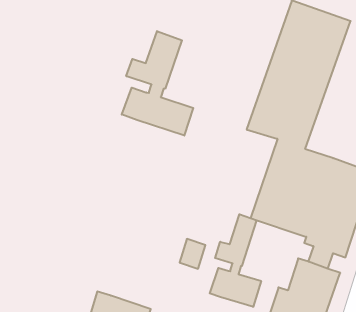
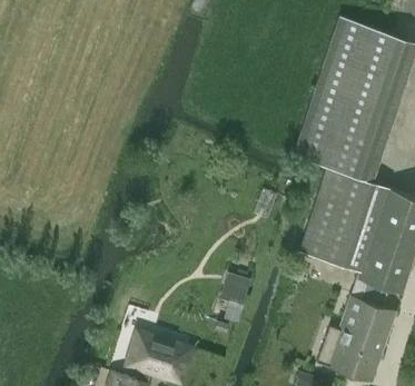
building: [122,31,193,136] -> none
building: [210,214,261,307] -> none

